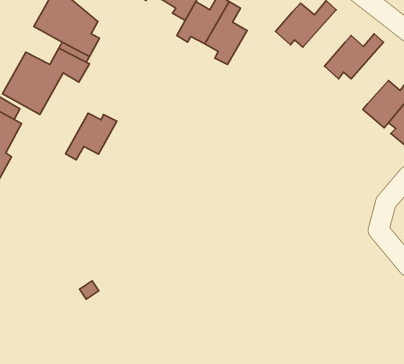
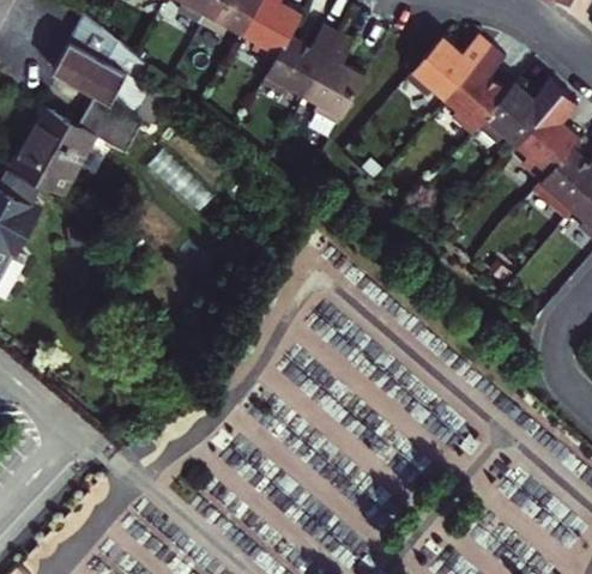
building: none -> [445,47,506,134]
building: none -> [514,93,578,182]
building: [65,113,117,160] -> none

